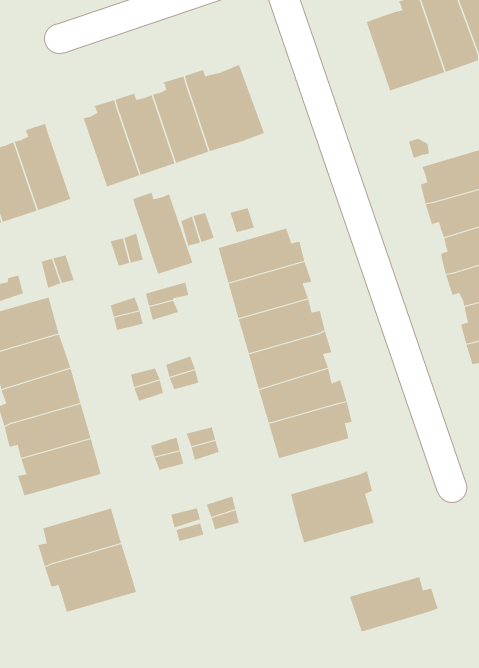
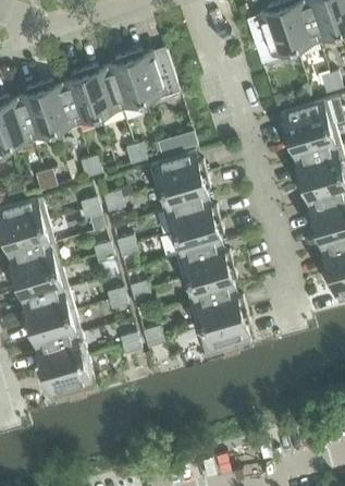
building: [132,192,193,275] -> [38,81,77,134]
building: none -> [24,312,81,347]
building: [349,576,439,632] -> [188,289,246,325]

